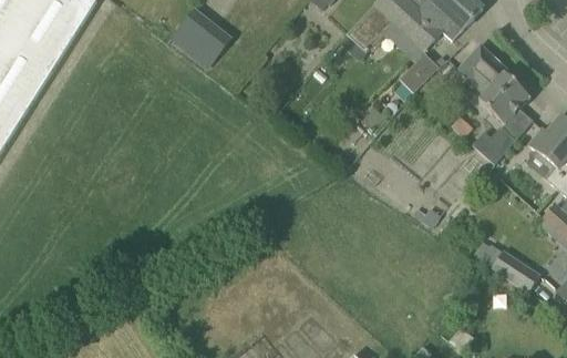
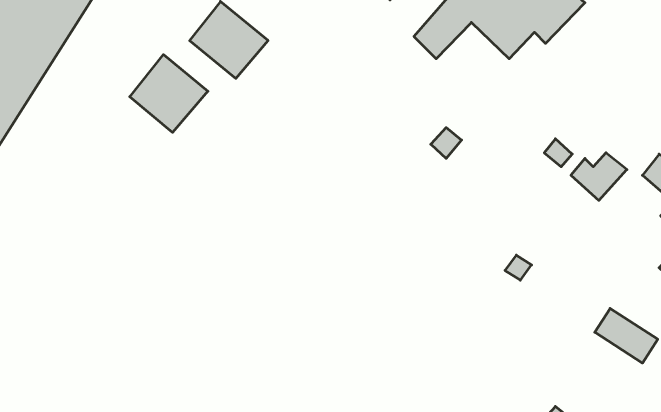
building: [454,42,529,124] -> none
building: none -> [130,55,208,132]
building: [400,52,437,91] -> none

